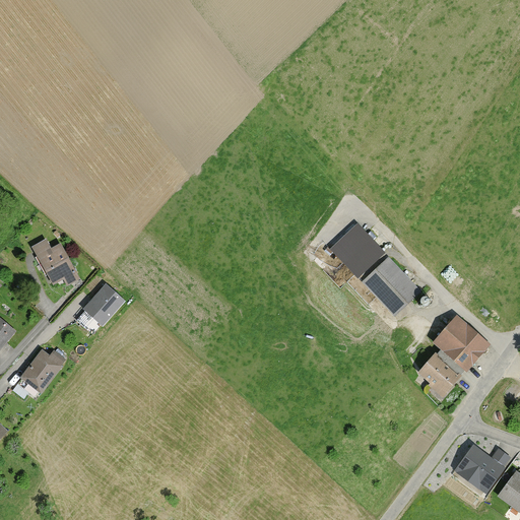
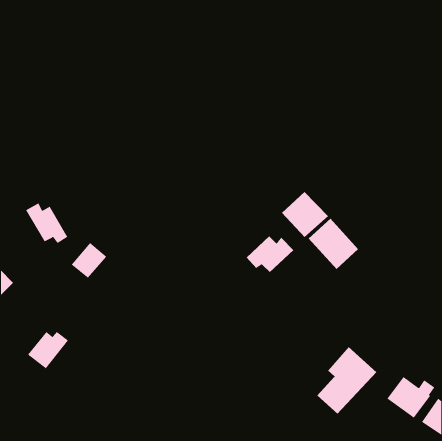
building: none -> [246,235,294,273]
building: [418,314,490,394] -> [317,346,377,415]
building: [18,349,67,394] -> [27,331,69,369]

